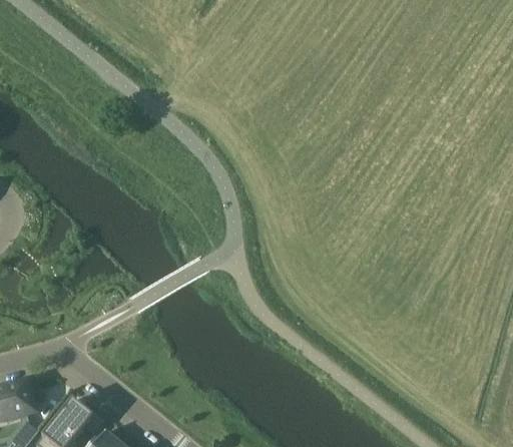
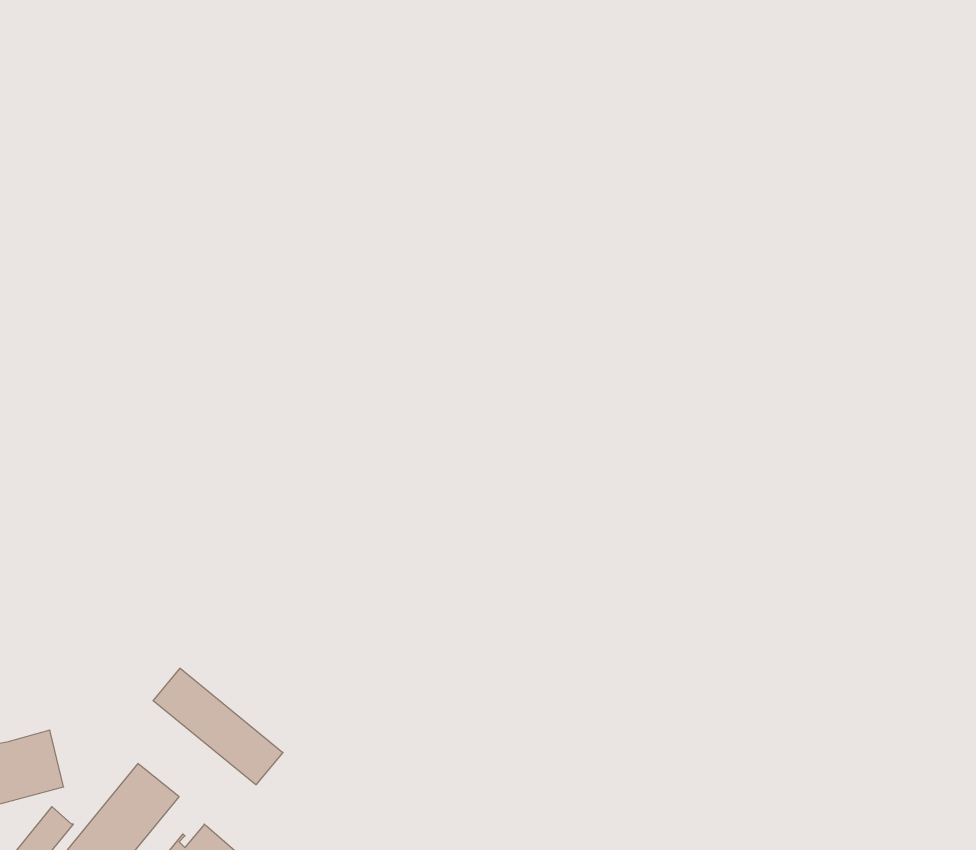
building: none -> [153,668,283,785]

